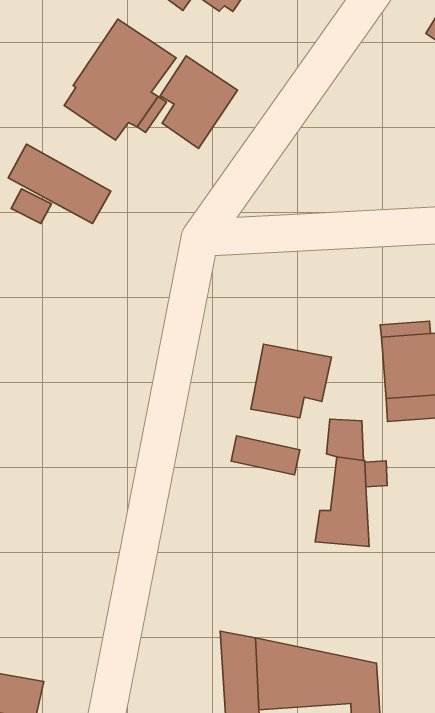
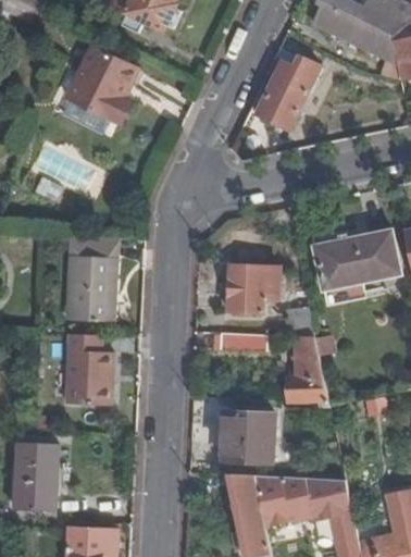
building: [160,56,237,148] -> none
building: none -> [256,49,320,131]
building: none -> [65,236,116,323]
building: none -> [64,334,112,406]
building: none -> [222,411,274,462]

